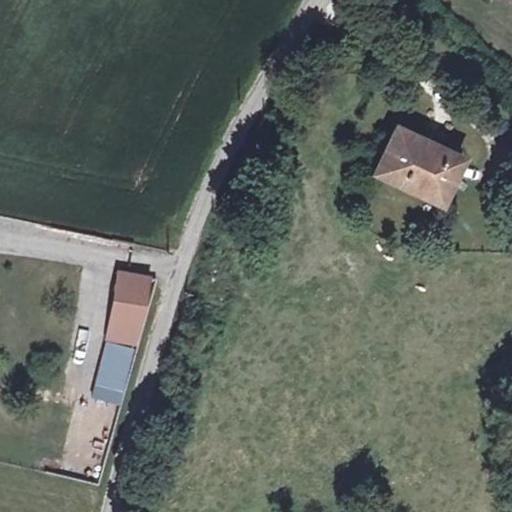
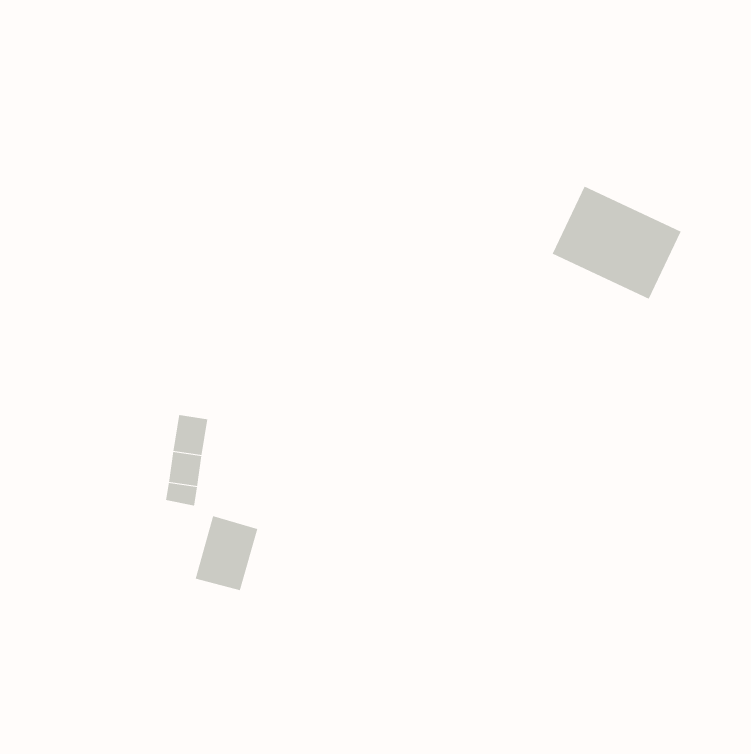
building: [95,341,138,392] -> [195,515,258,591]

